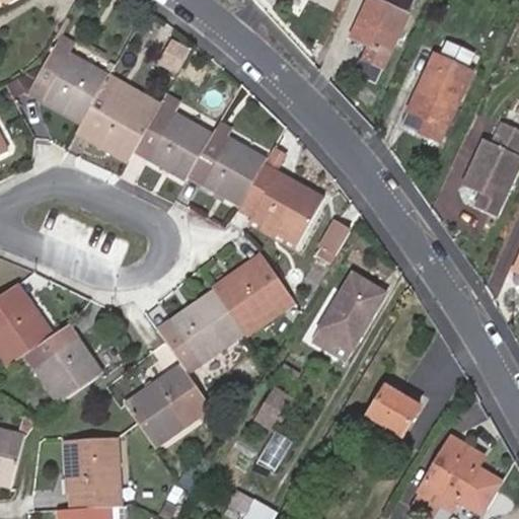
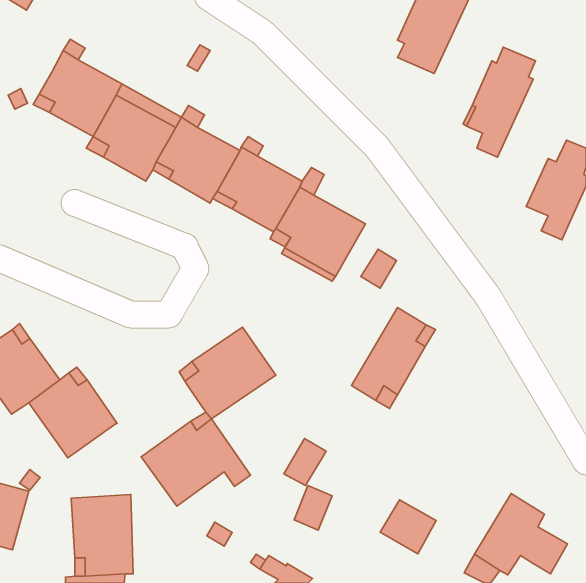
building: [214,257,292,331] -> none
building: [367,386,417,434] -> [380,500,436,554]

